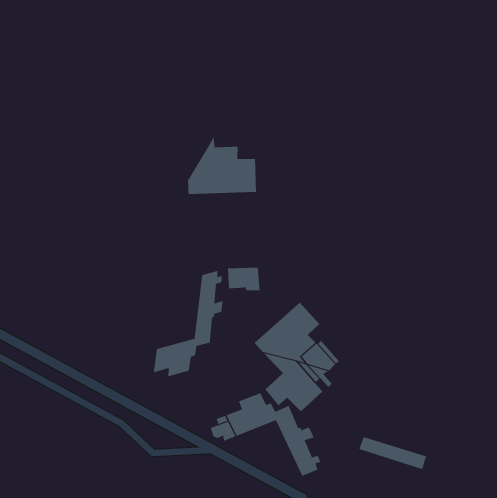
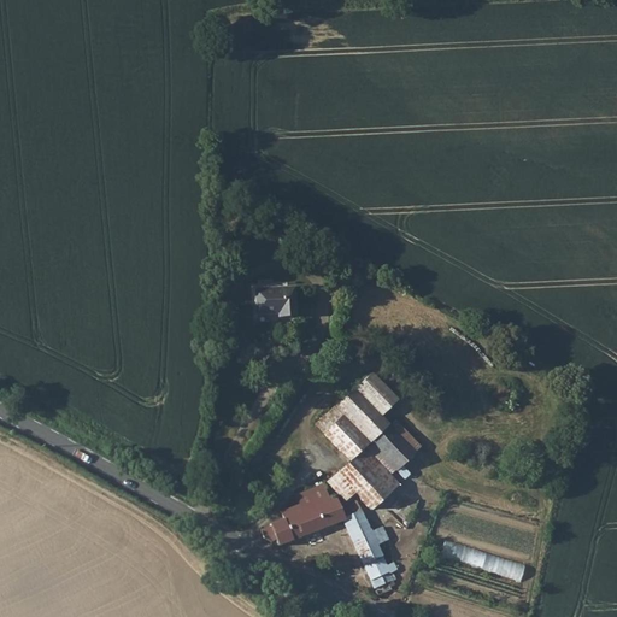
building: [188,136,256,195] -> none
building: [227,267,261,291] -> [255,286,296,315]
building: [153,270,223,377] -> none

